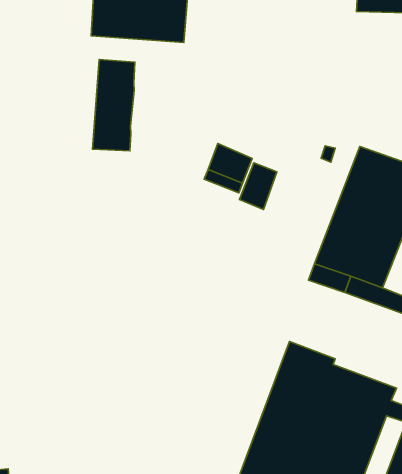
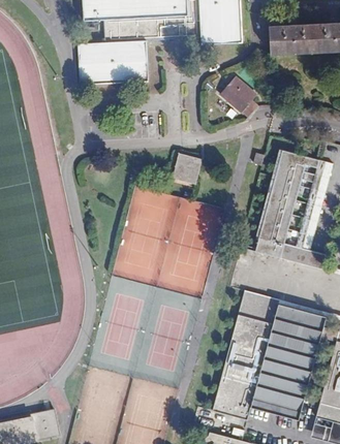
building: none -> [220,74,261,117]
building: [93,59,135,151] -> none
building: [239,163,277,209] -> none

